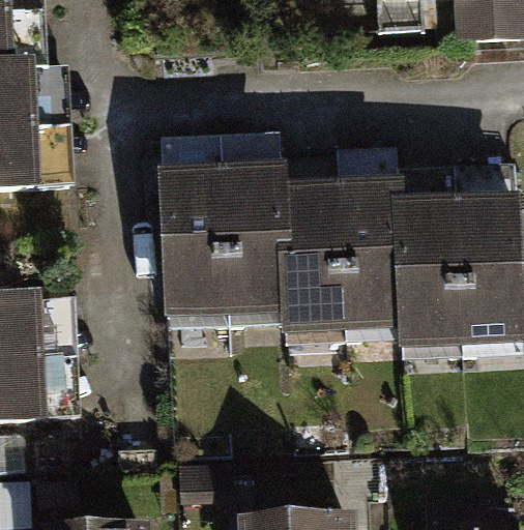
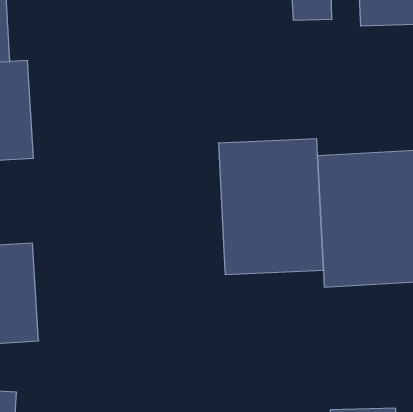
building: [157,155,286,322] -> none

